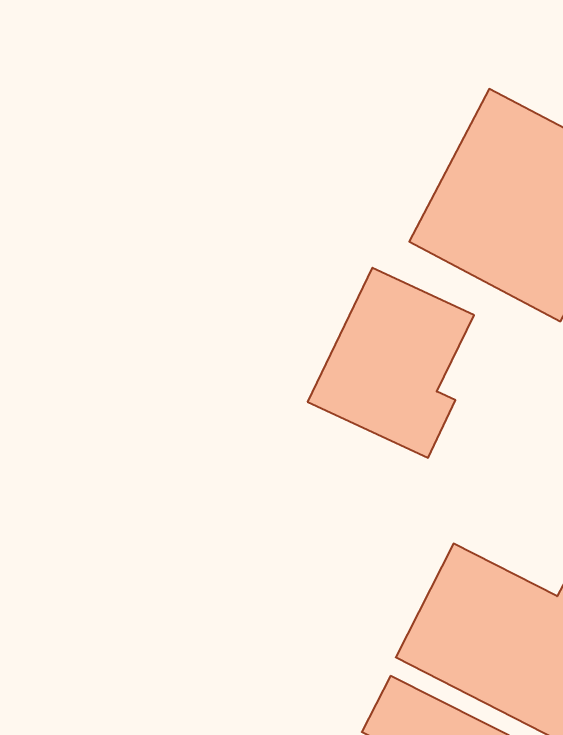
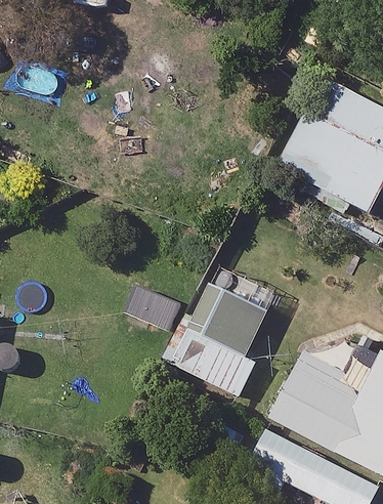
building: [308,268,474,458] -> [167,283,267,397]

